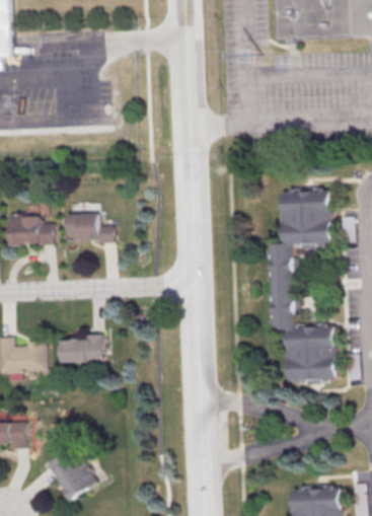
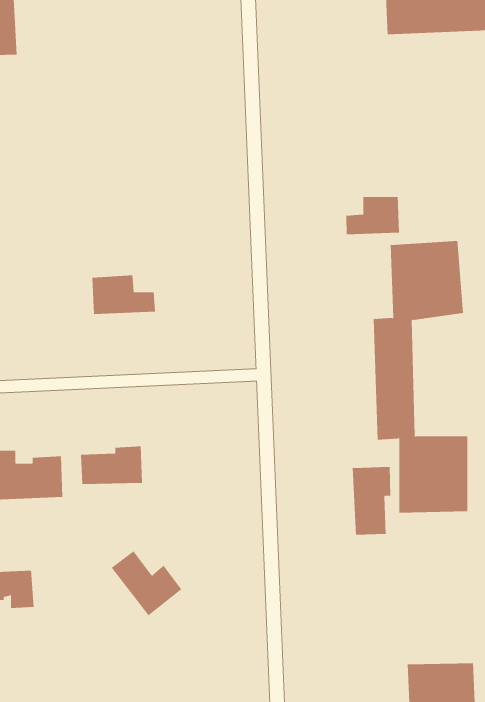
building: none -> [346,196,400,235]
building: [8,211,53,242] -> none
building: none -> [352,466,391,535]
building: [47,450,97,497] -> [111,551,182,616]

